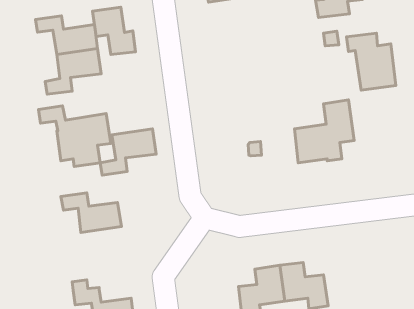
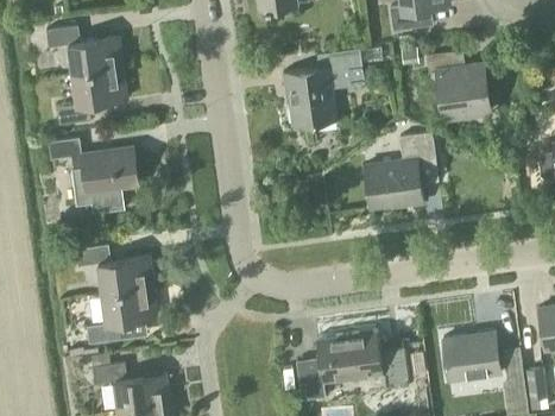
building: [93,7,135,55] -> none
building: none -> [284,48,361,125]
building: [100,129,156,175] -> [88,286,157,343]
building: none -> [443,330,502,379]

